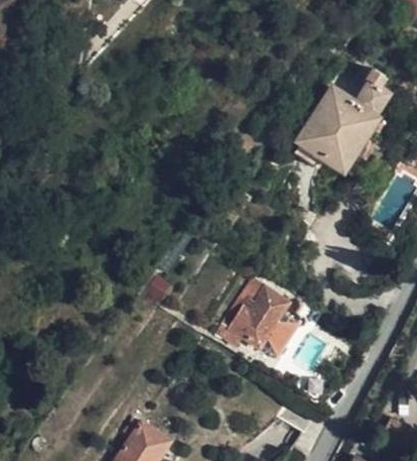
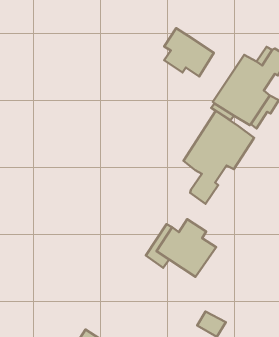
building: none -> [164,28,214,76]
building: none -> [183,111,254,204]

